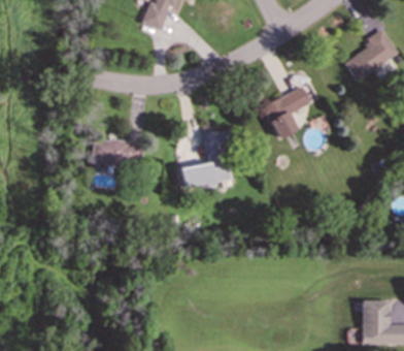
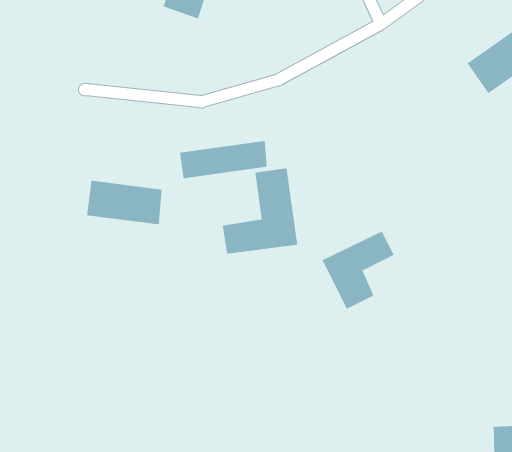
building: [263,87,311,139] -> [321,230,395,310]
building: none -> [179,140,267,179]

